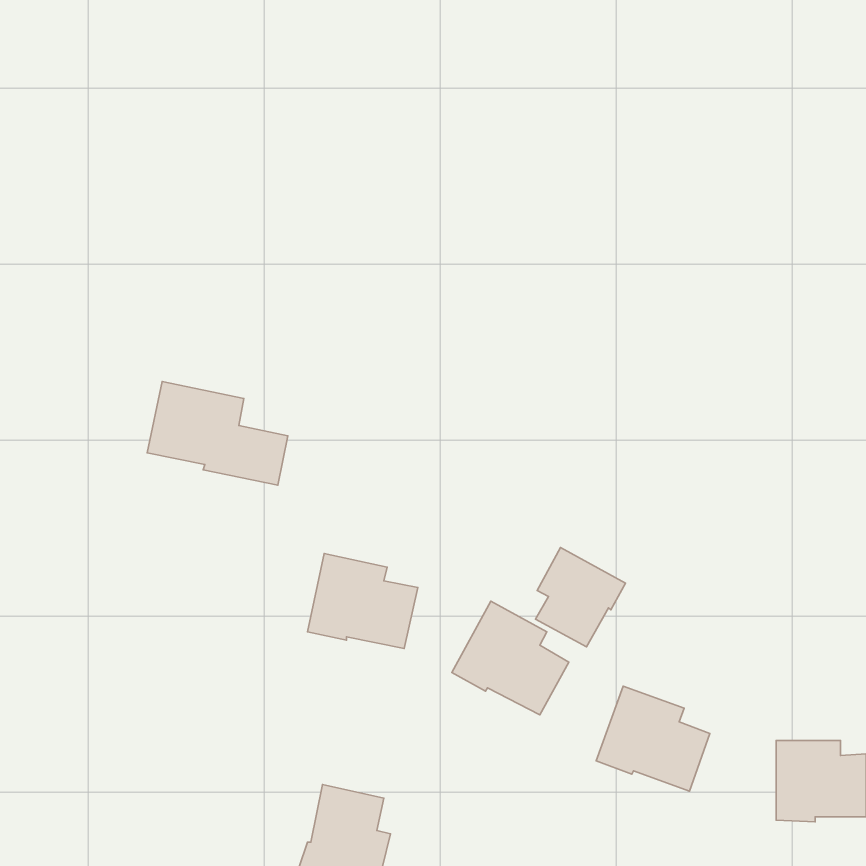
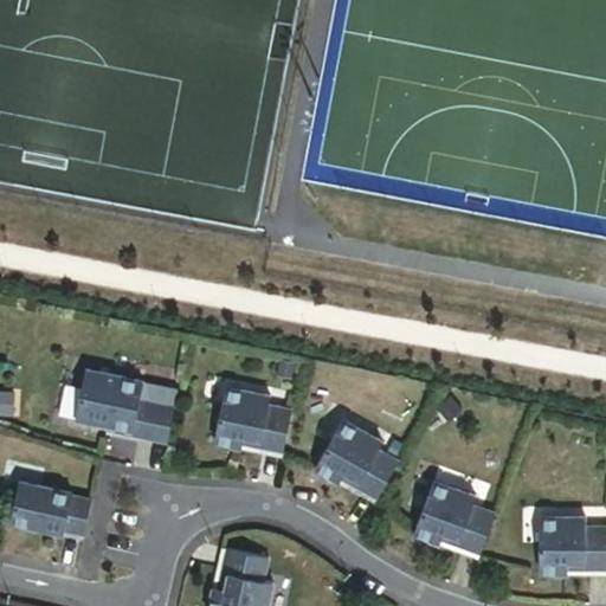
building: [147,381,288,485] -> [76,368,174,440]
building: [535,548,625,647] -> none
building: none -> [11,482,91,535]

